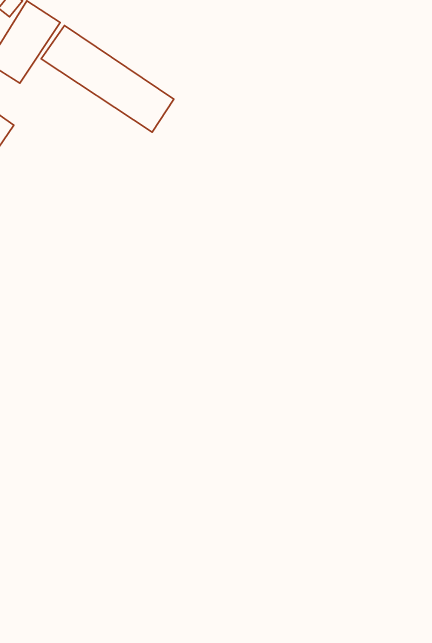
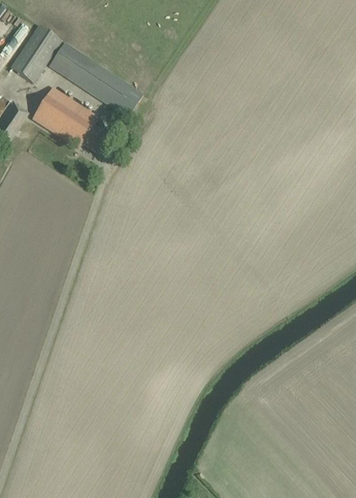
building: none -> [31,87,107,152]

